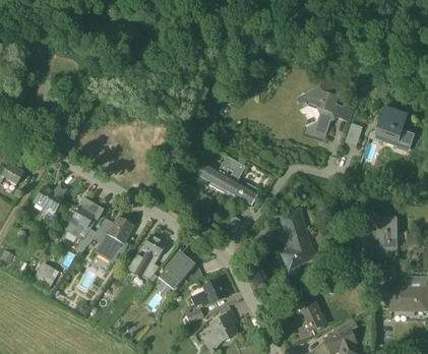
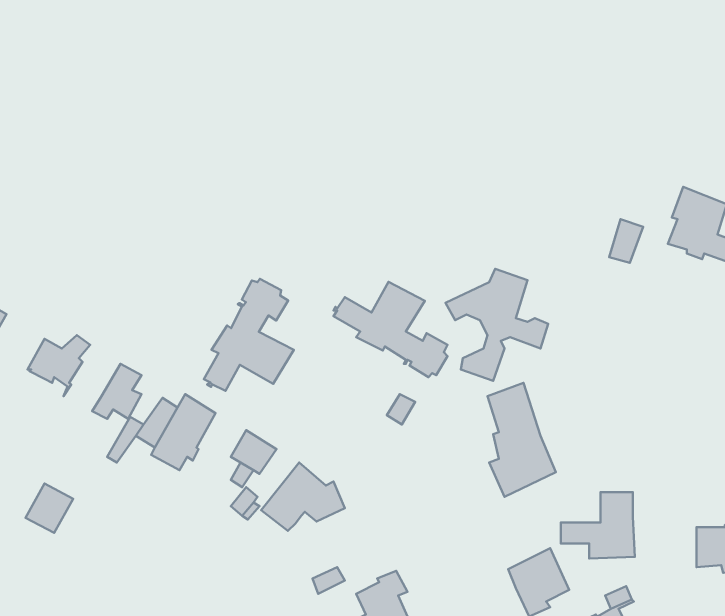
building: [298,78,353,138] -> [446,269,548,381]
building: none -> [204,279,294,391]
building: [356,221,395,256] -> [561,492,635,559]
building: [191,280,225,305] -> none

